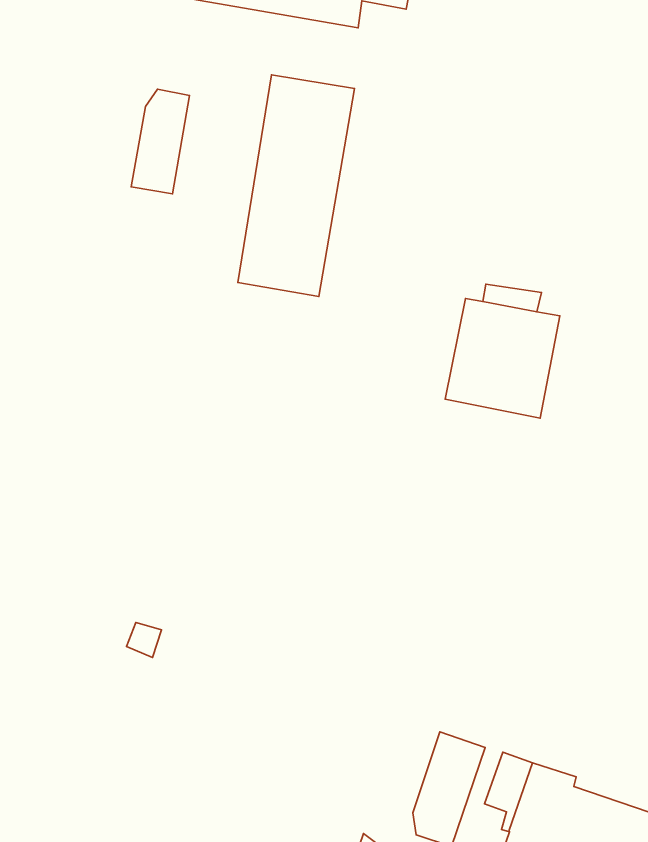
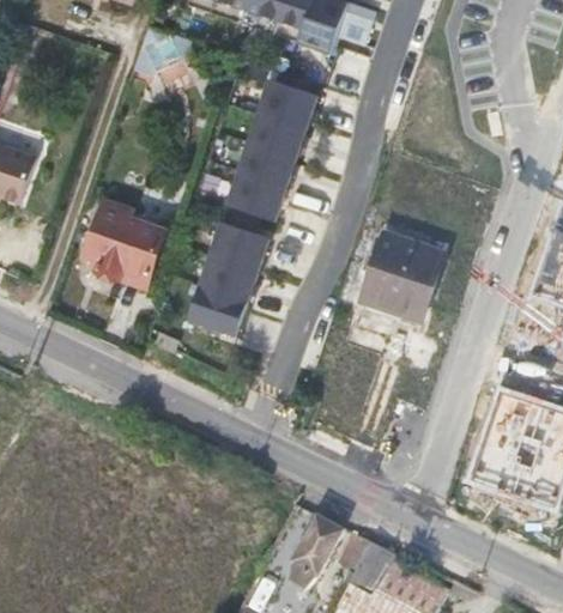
building: [131,89,190,194] -> none
building: none -> [188,218,273,338]
building: none -> [78,205,156,291]

